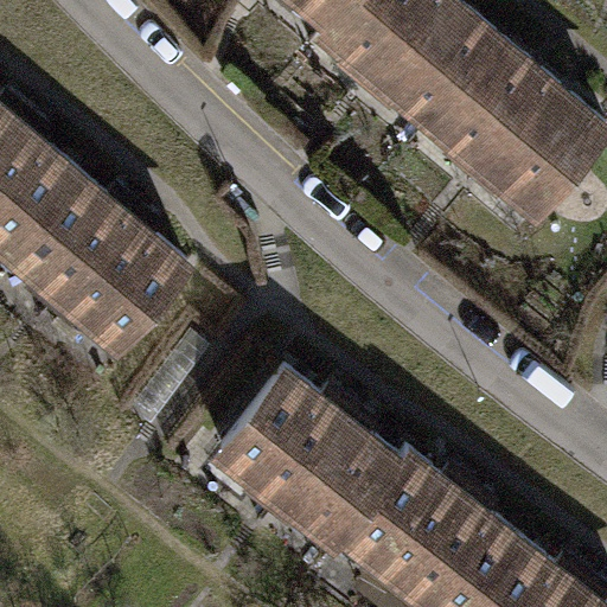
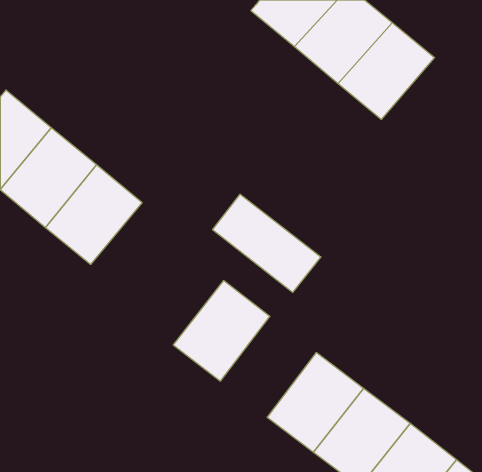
building: [480,88,600,211] -> none
building: none -> [213,194,321,292]
building: [279,411,398,537] -> none

